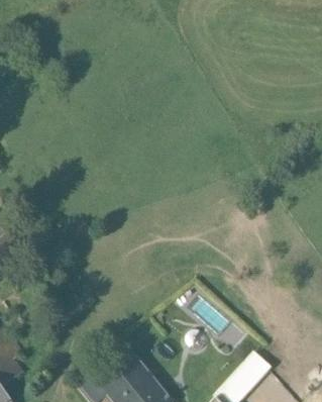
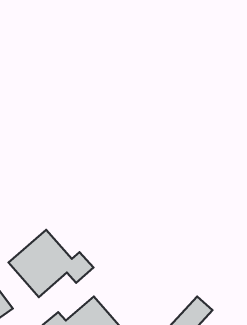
building: none -> [9,230,94,297]

